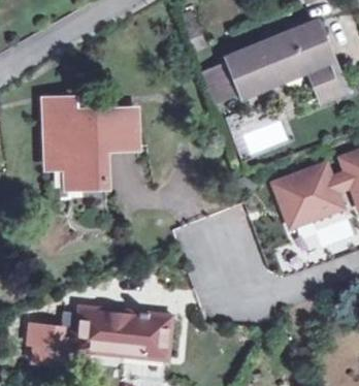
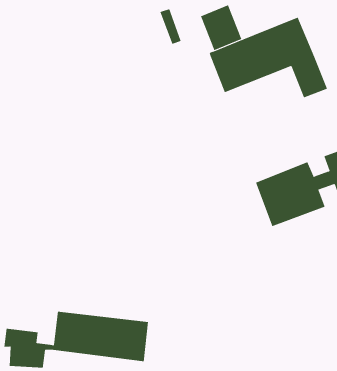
building: [201,58,242,103] -> [200,4,242,51]
building: [45,98,137,187] -> none

